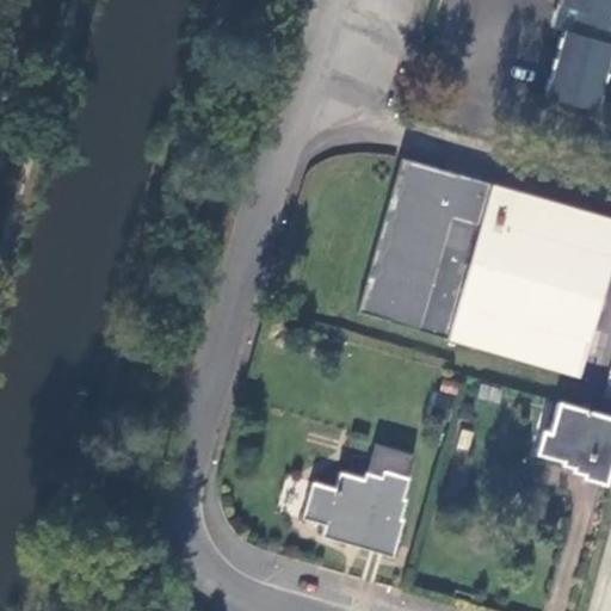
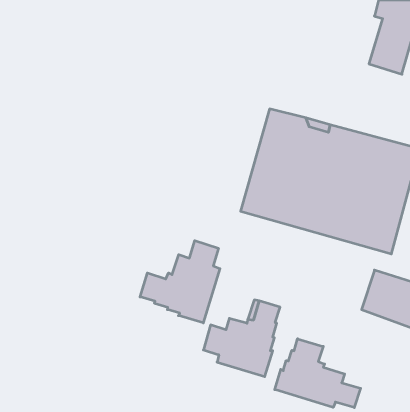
building: none -> [140,241,220,323]
building: none -> [275,339,361,408]

